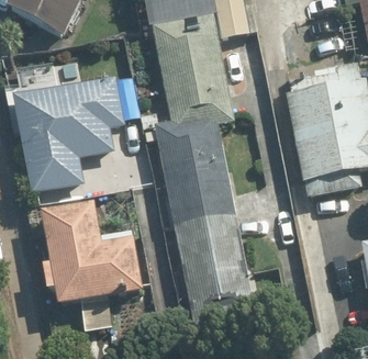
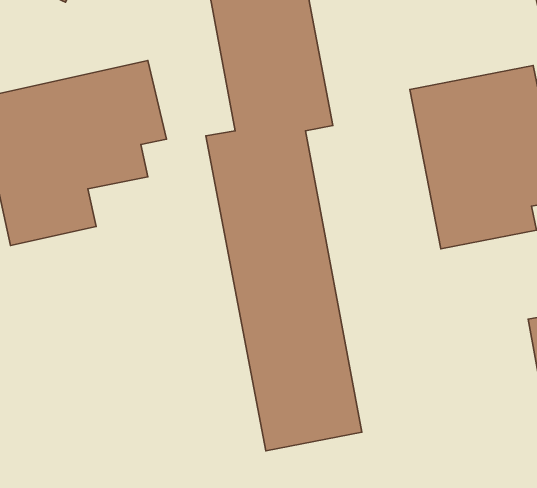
building: [35,201,137,325] -> none

